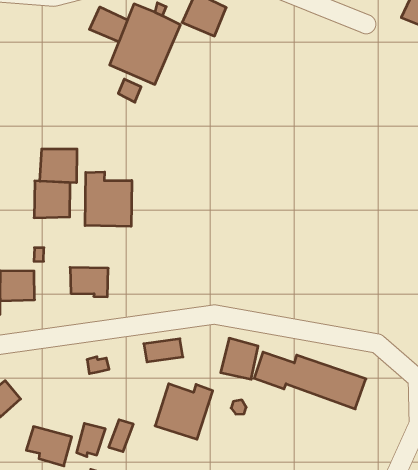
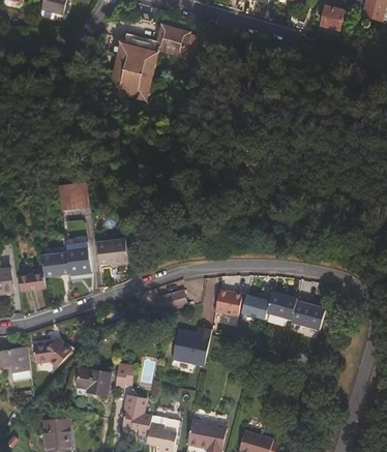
building: [89,7,128,42] -> none
building: [40,149,77,183] -> none
building: [85,172,132,226] -> none
building: none -> [66,244,93,278]

